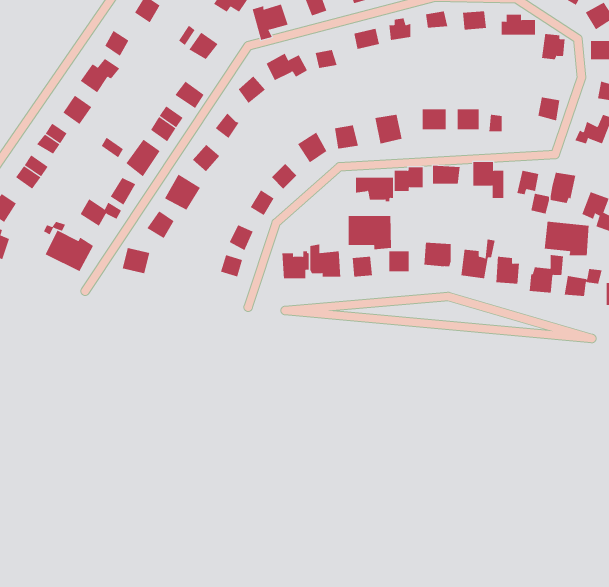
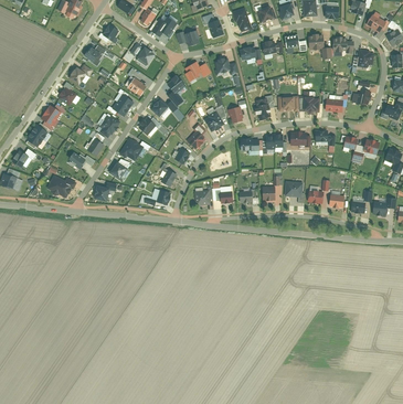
building: [348,215,392,250] -> none
building: [544,221,589,256] -> none

